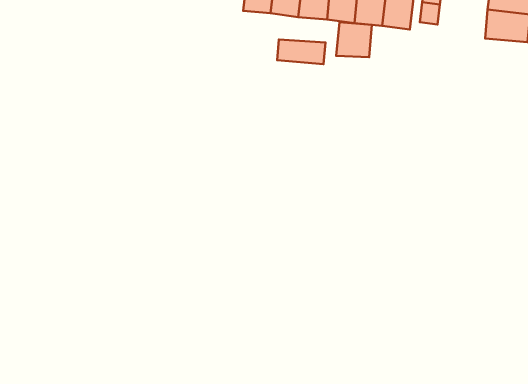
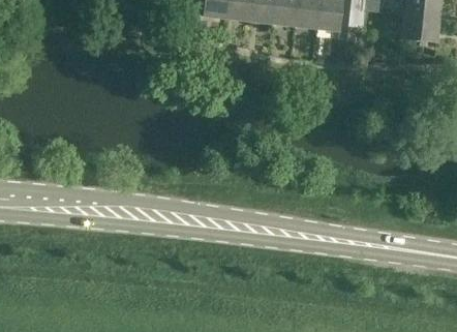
building: [336,22,372,57] -> none
building: [277,39,326,64] -> none

